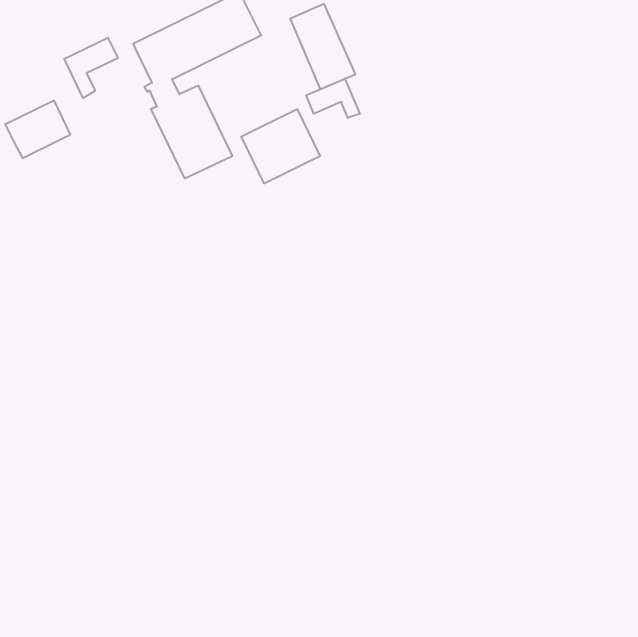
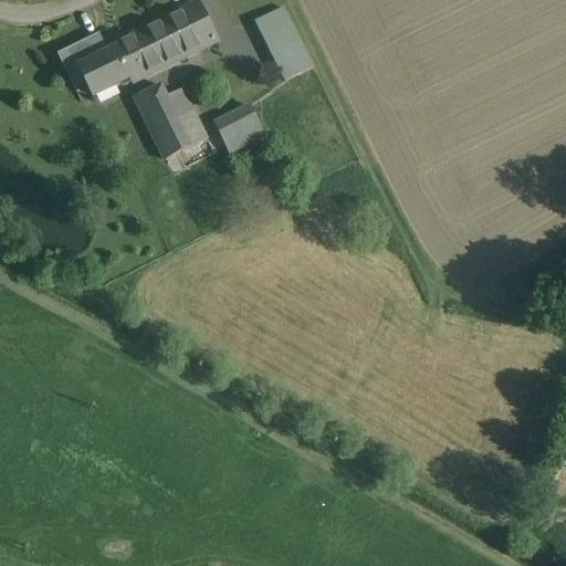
building: [306,79,360,118] -> none
building: [5,101,70,158] -> [76,43,134,94]

